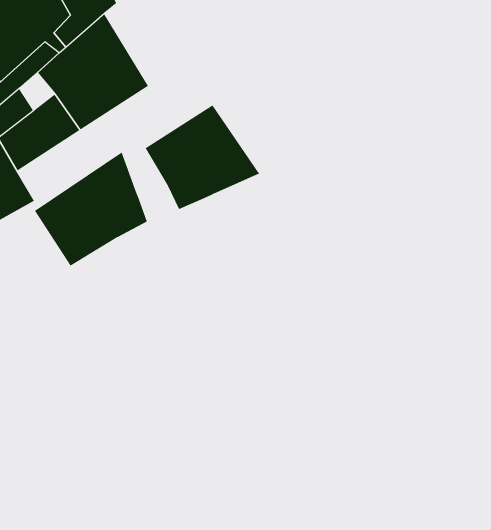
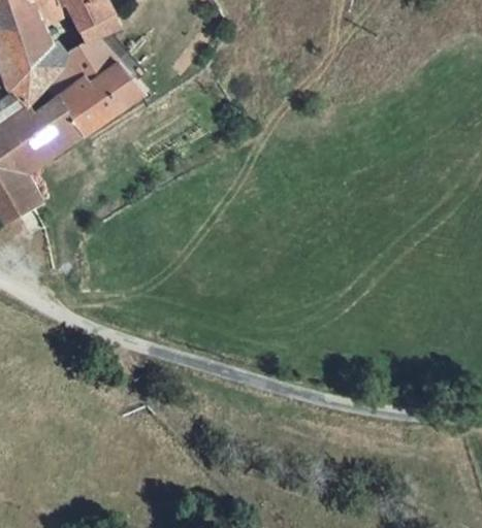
building: [145,104,260,210] -> none
building: [34,151,147,267] -> none

